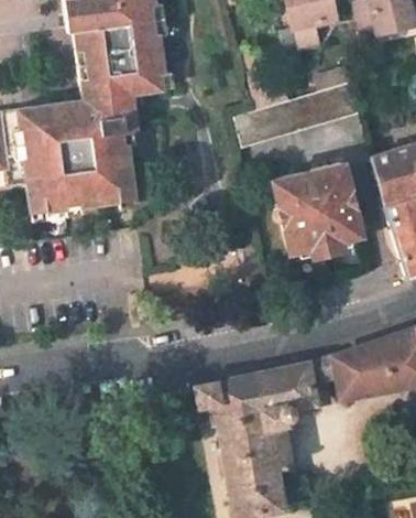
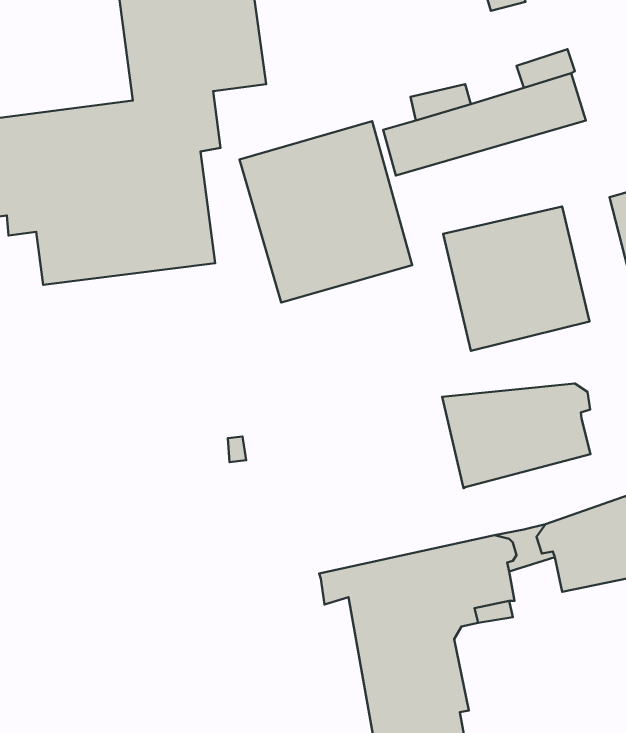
building: none -> [239,121,412,302]
building: none -> [442,384,591,488]

